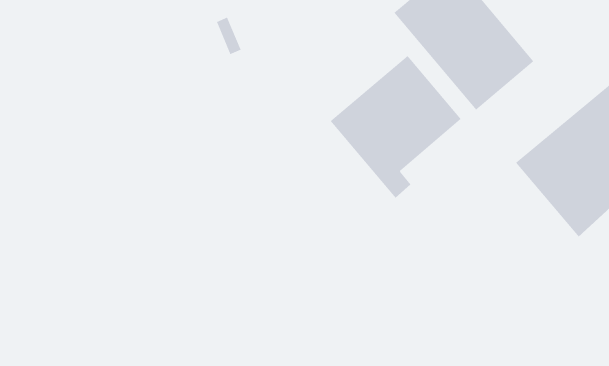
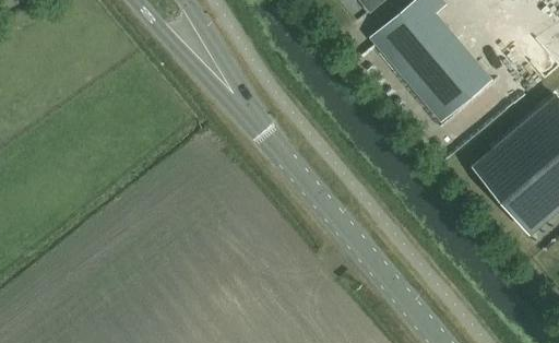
building: [330,55,462,198] -> none

